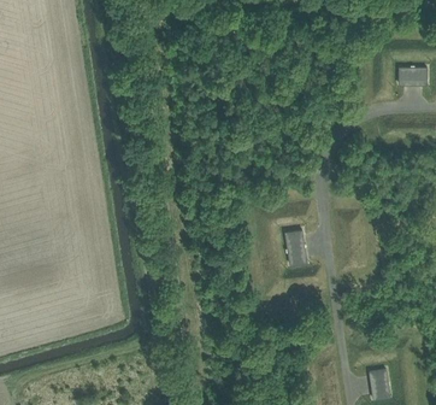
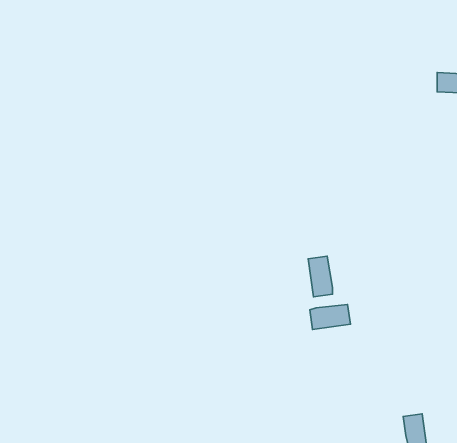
building: none -> [310,304,350,330]

